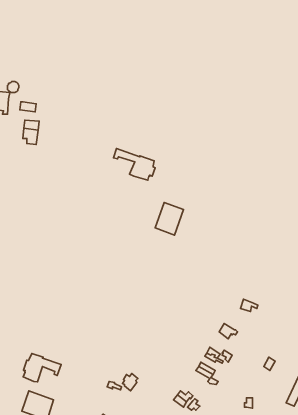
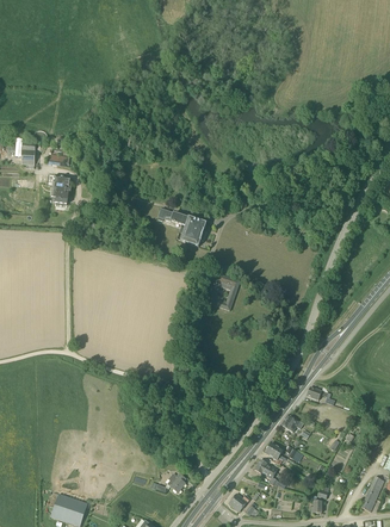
building: [23,354,61,382] -> none

